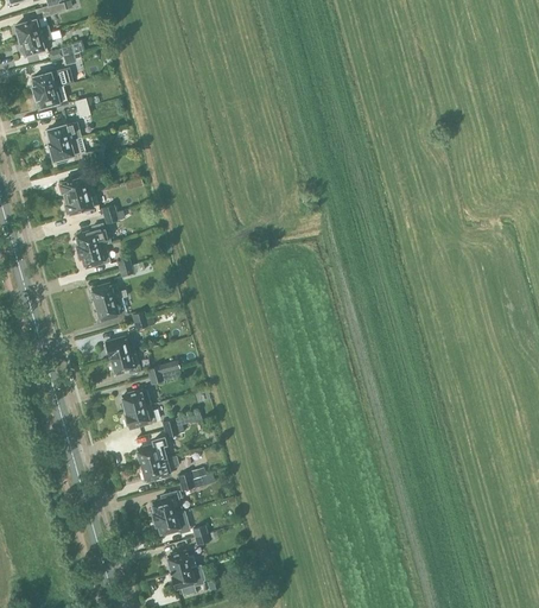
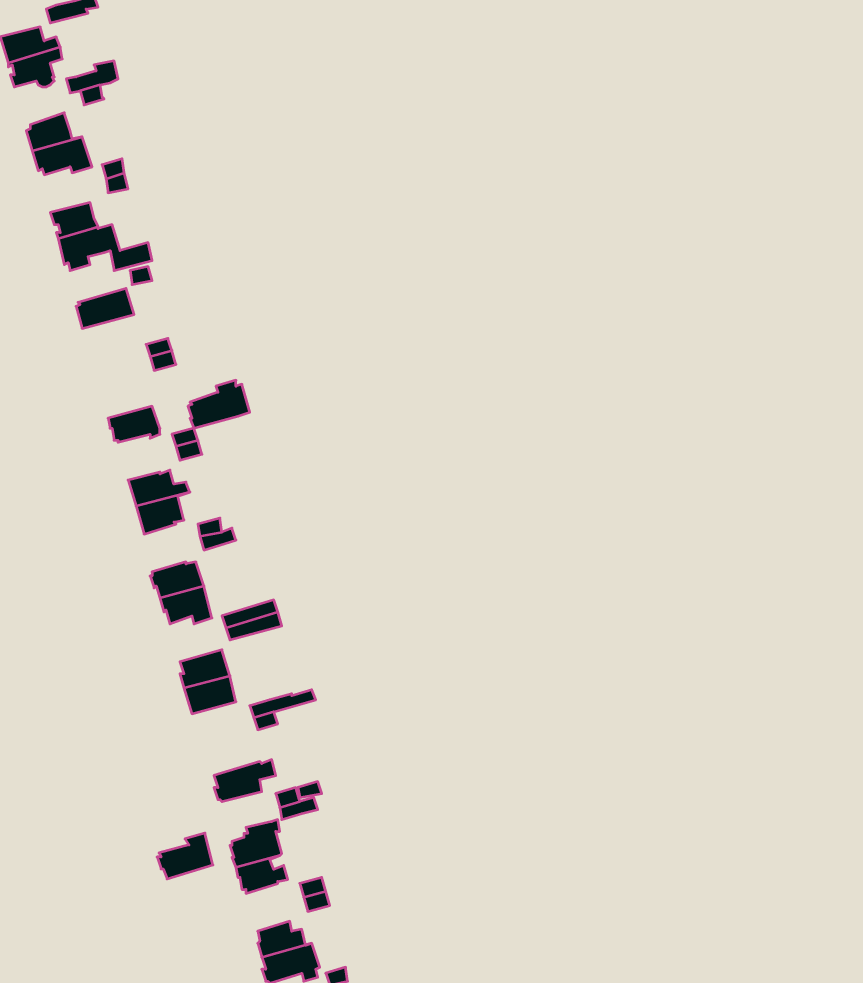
building: [63,190,99,214] -> none
building: [75,223,112,252] -> [188,380,250,428]
building: [135,437,169,464] -> [157,833,213,879]

